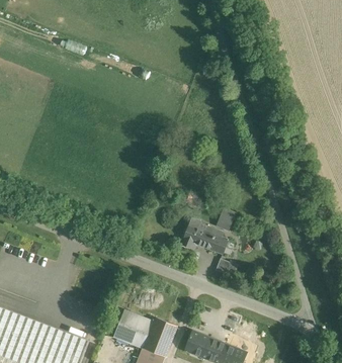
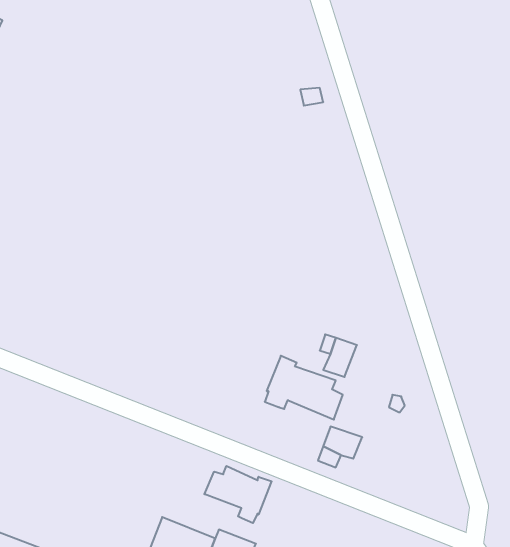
building: none -> [204,466,272,523]

